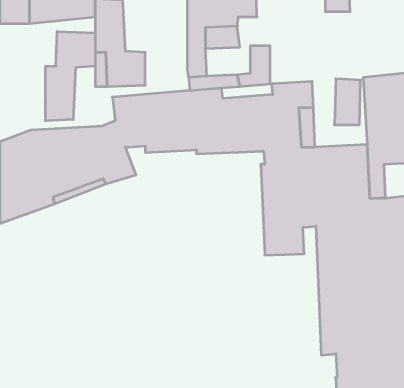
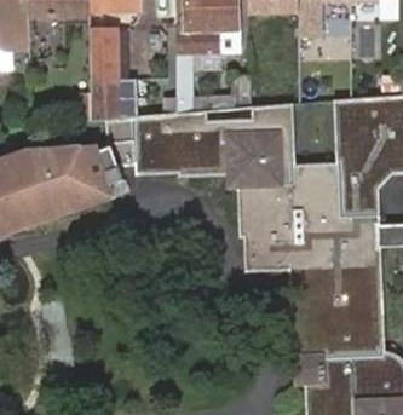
building: [46,31,95,121] -> none

